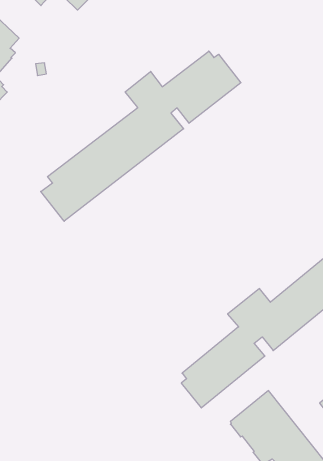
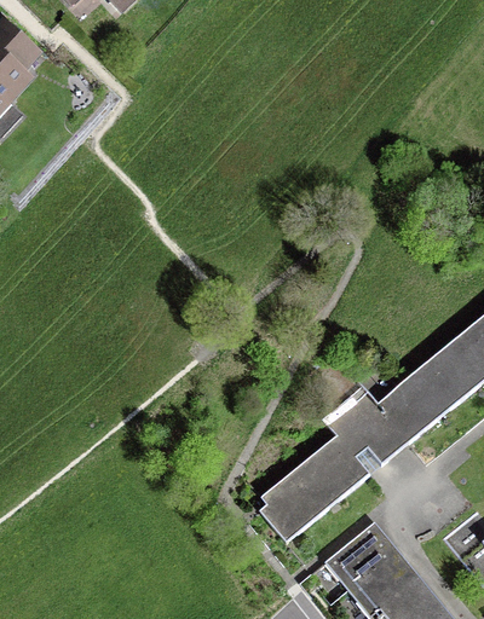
building: [41,51,241,221] -> none

